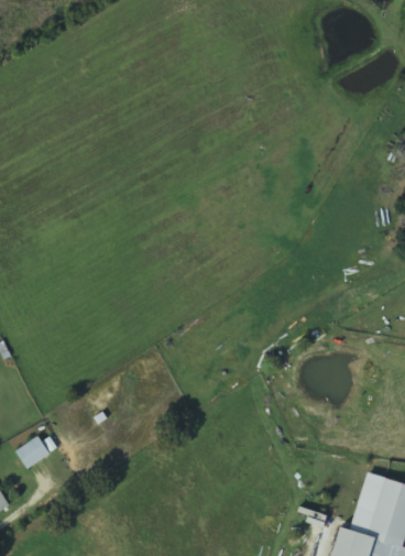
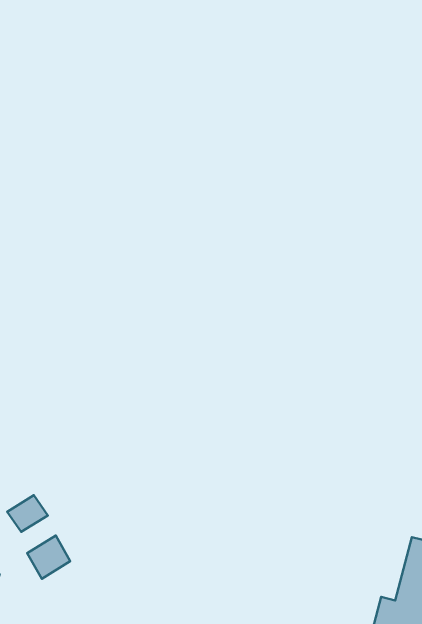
building: none -> [27,535,70,579]

